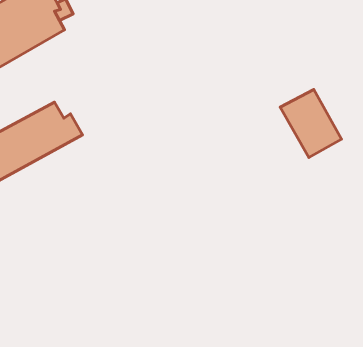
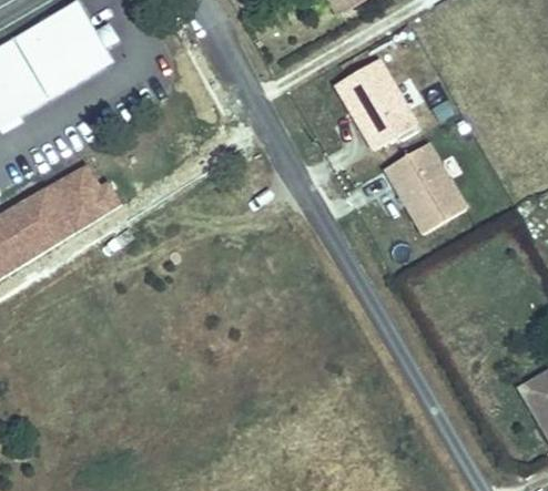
building: none -> [338,61,418,151]

